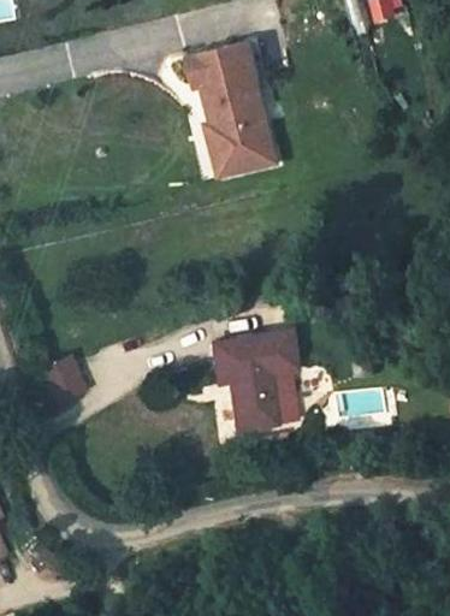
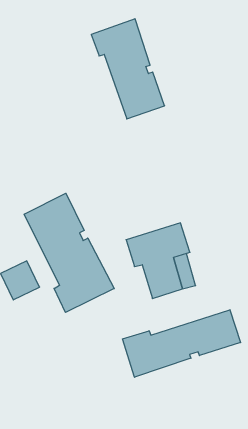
building: none -> [24,193,114,312]
building: none -> [123,310,241,377]

